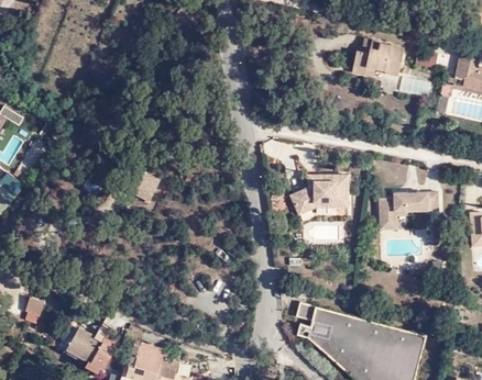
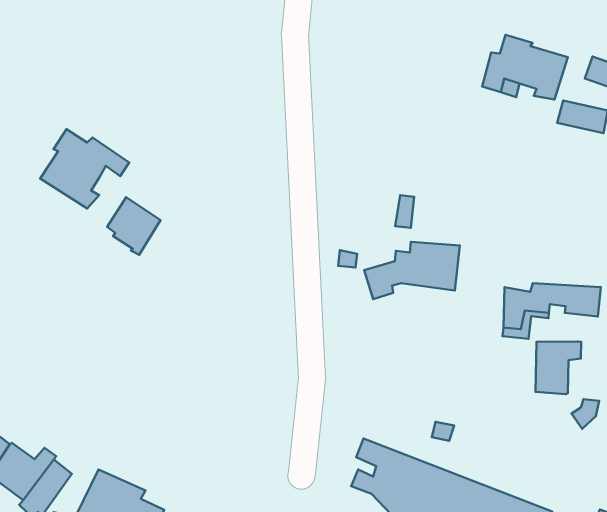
building: none -> [40,129,129,208]
building: none -> [536,342,581,394]

